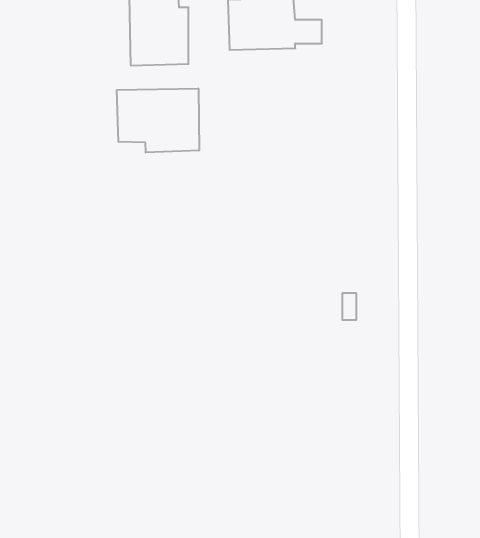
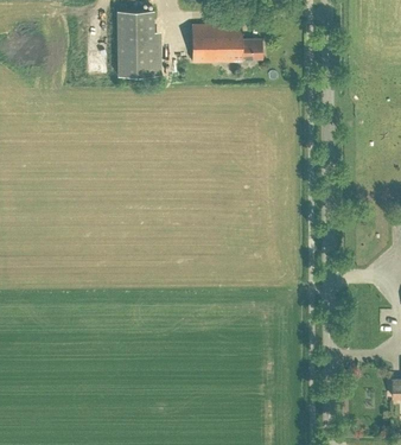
building: [117,88,199,153] -> none

